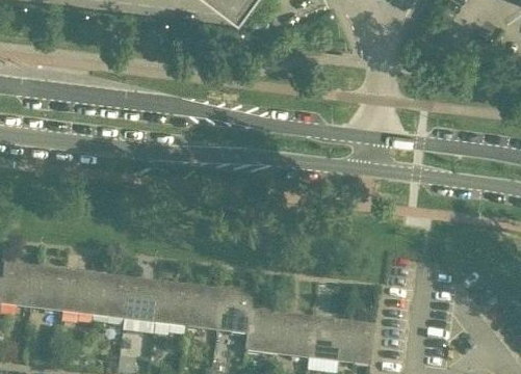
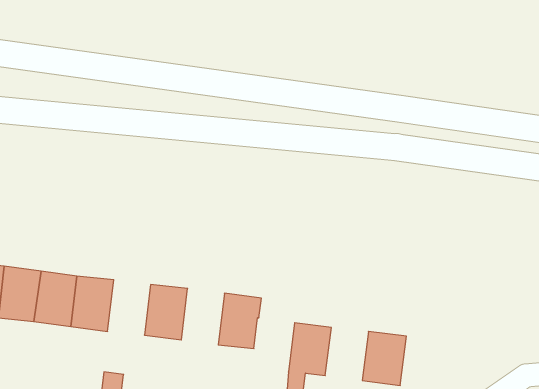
building: [121,275,159,340] -> none
building: [185,283,222,330] -> none
building: [244,308,281,353] -> none
building: [307,316,343,360] -> none

